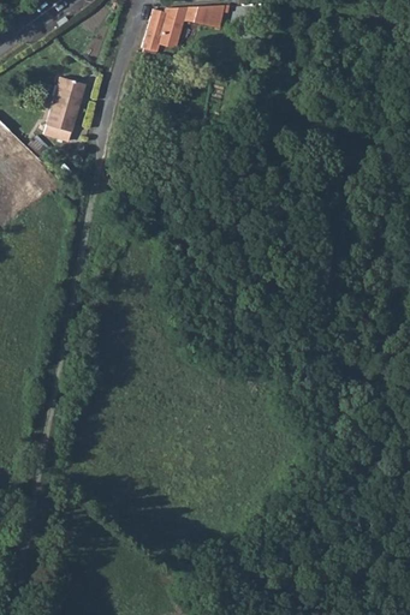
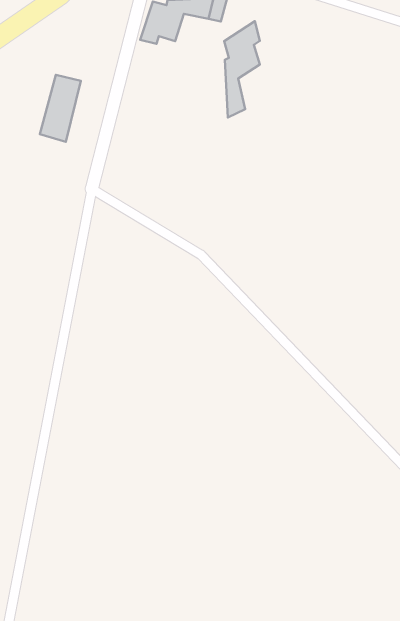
building: none -> [224,21,260,118]

